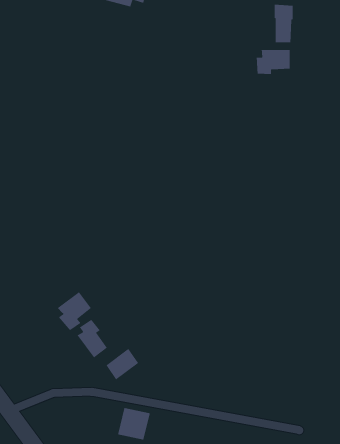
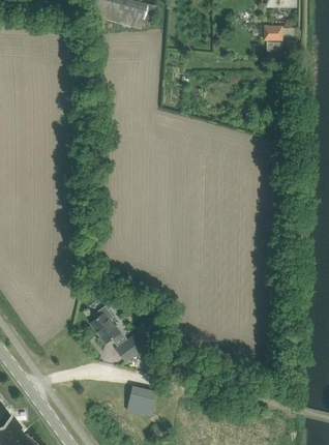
building: [256,49,290,75] -> none
building: [57,291,92,331] -> none

